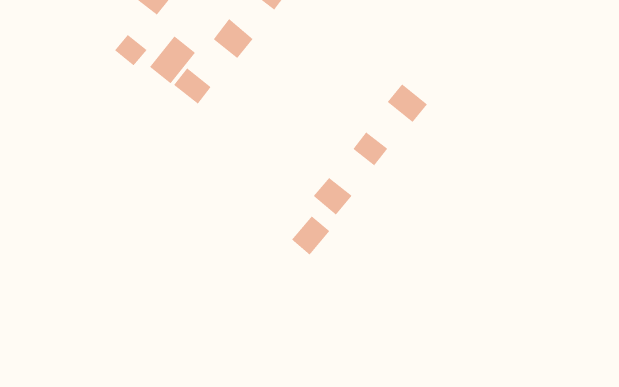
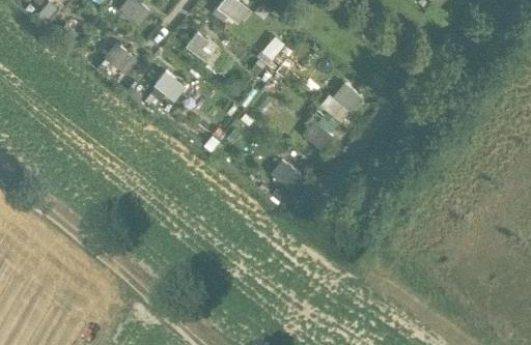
building: [149,35,196,84] -> none
building: [291,215,330,256] -> none

